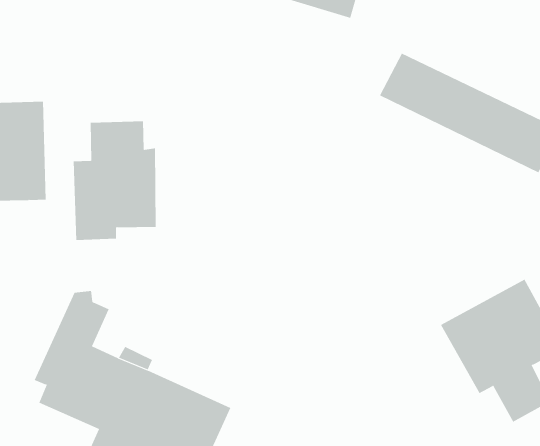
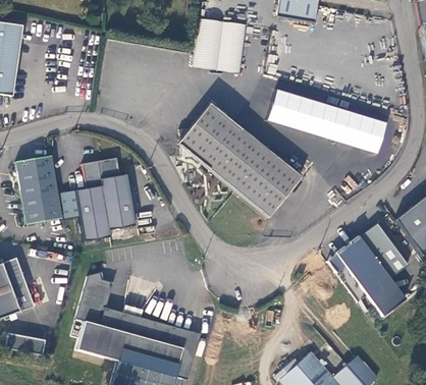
building: none -> [177,102,301,216]
building: none -> [61,190,79,218]

